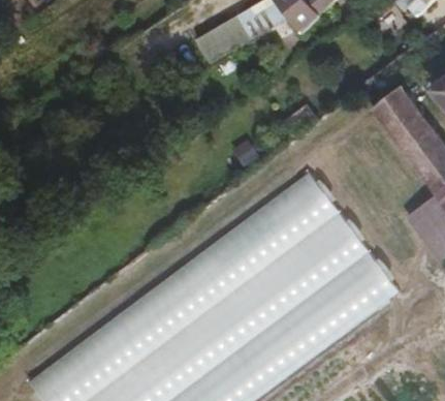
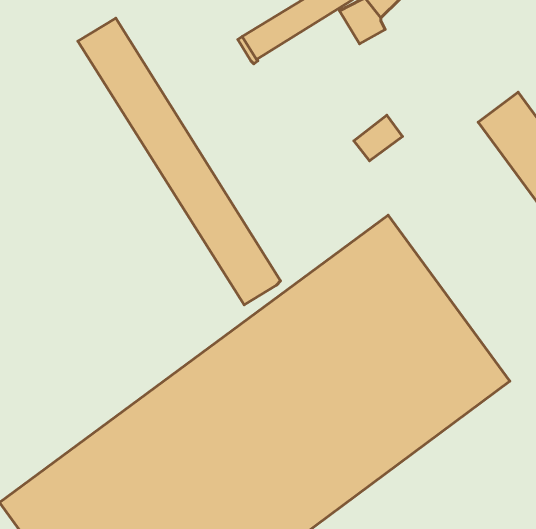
building: none -> [78,18,281,305]

